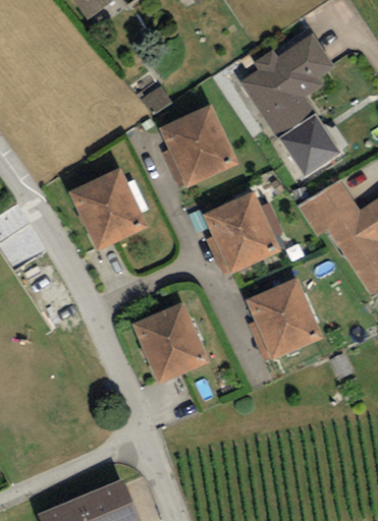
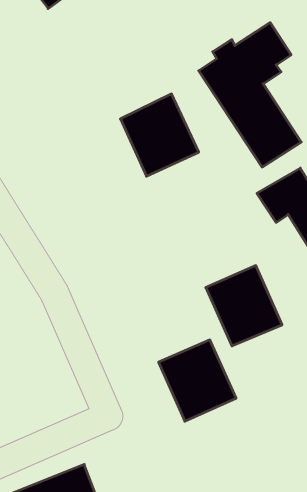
building: [68,166,149,251] -> none
building: [203,193,281,275] -> none
building: [131,303,210,386] -> [159,340,236,421]

